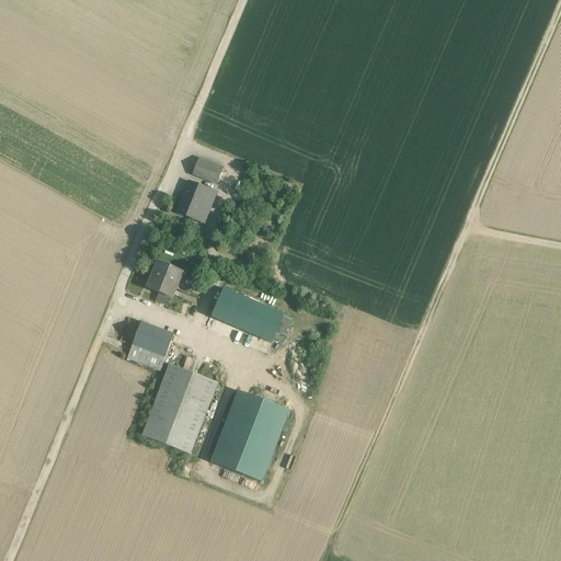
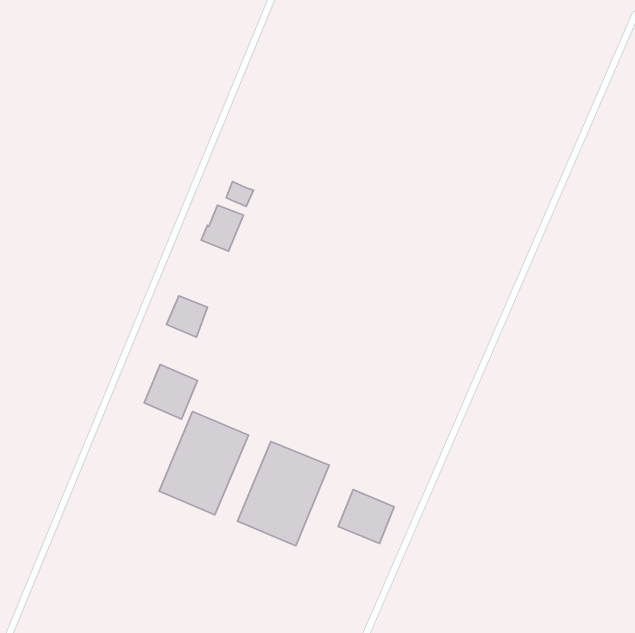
building: [211,287,284,341] -> none
building: none -> [338,490,394,544]

